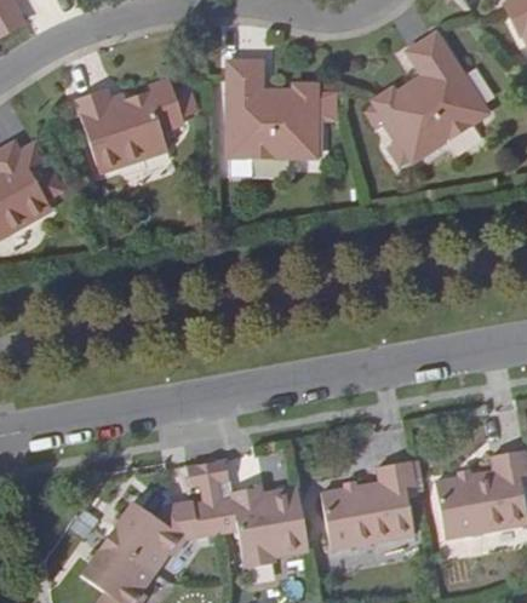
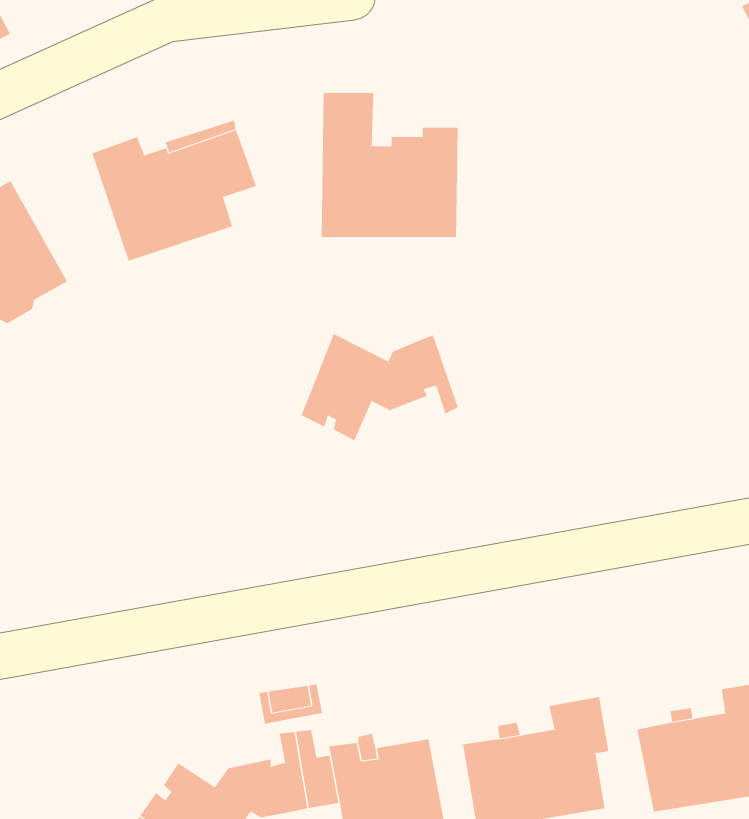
building: [373,33,488,162] -> none
building: none -> [301,333,459,441]

